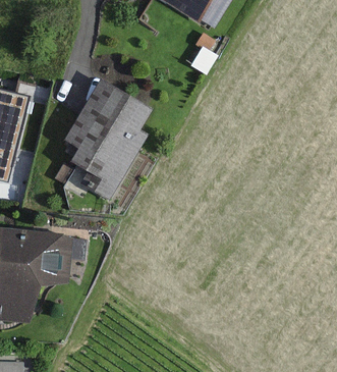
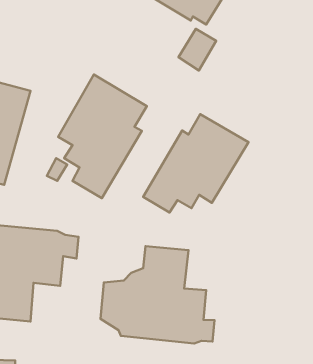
building: none -> [143,114,248,213]
building: none -> [101,246,215,344]

